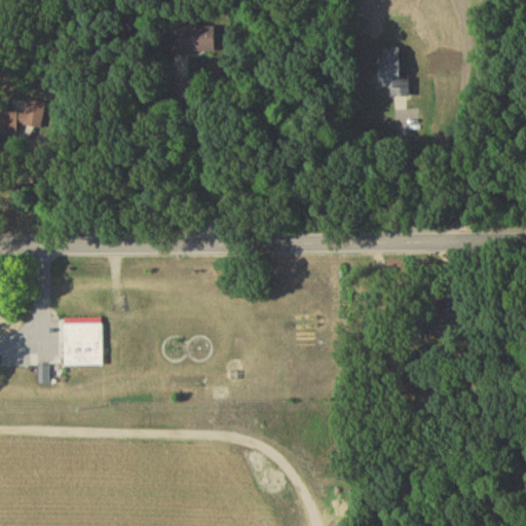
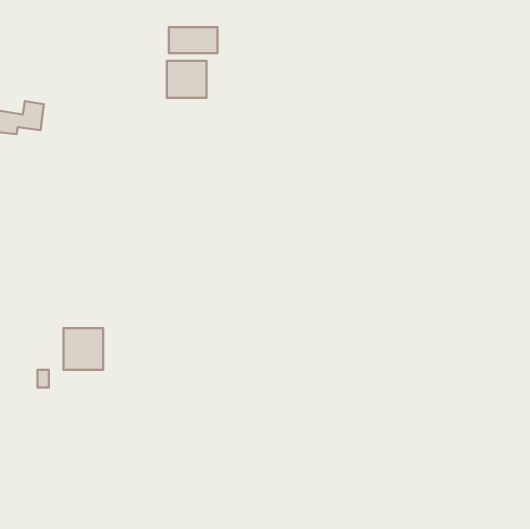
building: [378,48,409,97] -> none
building: none -> [167,61,207,98]

